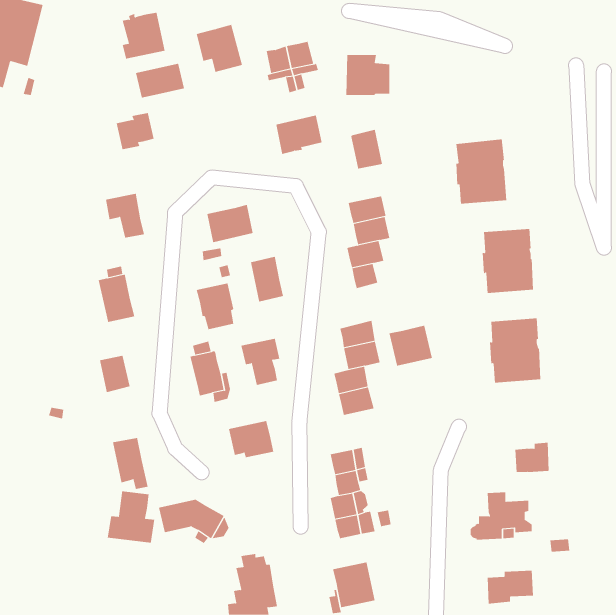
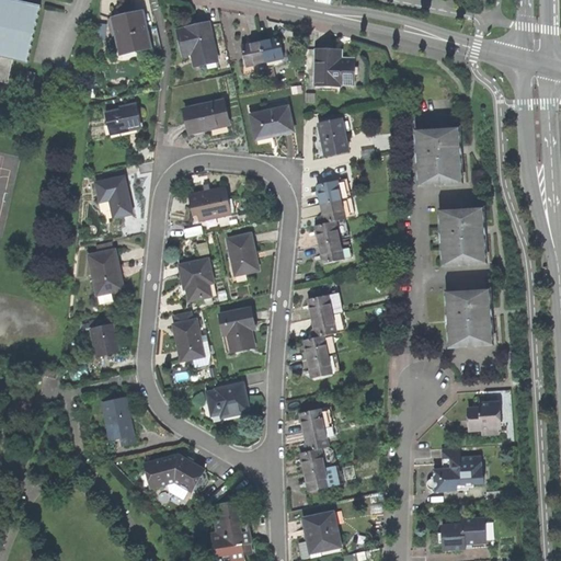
building: [135,63,185,98] -> [183,100,228,131]
building: [389,325,432,366] -> none
building: [107,490,155,543] -> none

